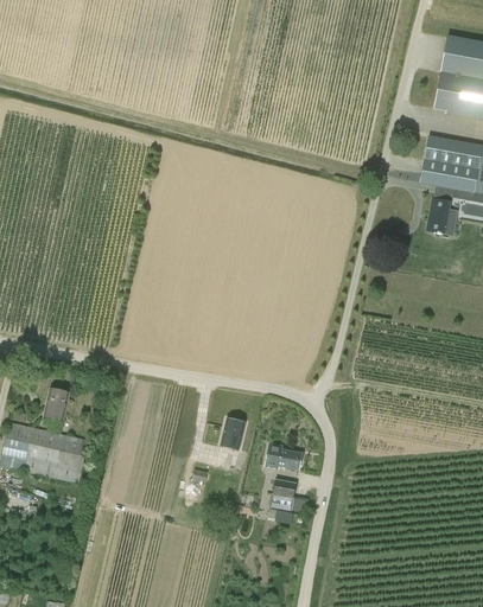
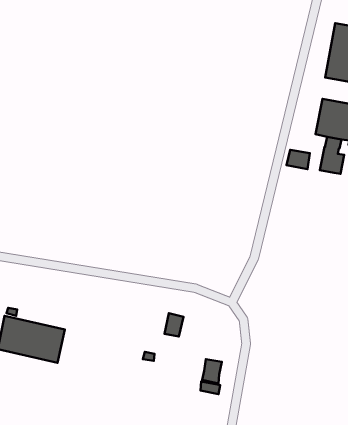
building: none -> [287,150,310,169]
building: [44,386,70,420] -> none
building: [266,442,303,469] -> none

